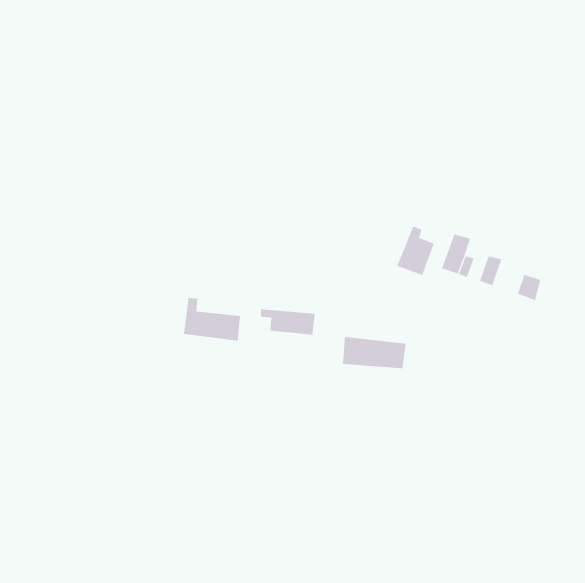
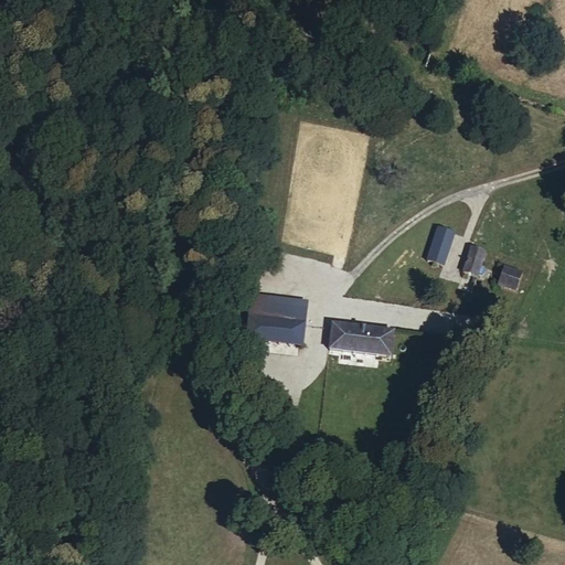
building: [396,225,435,276] -> none
building: [183,297,241,341] -> [248,303,303,345]

